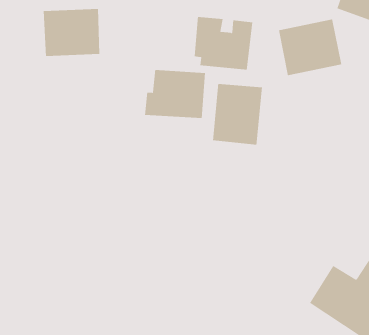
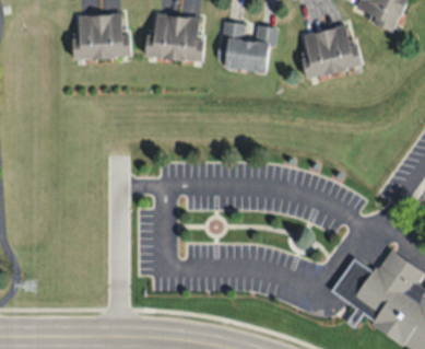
building: [144,70,206,119] -> [146,13,205,60]
building: [212,83,263,145] -> none

